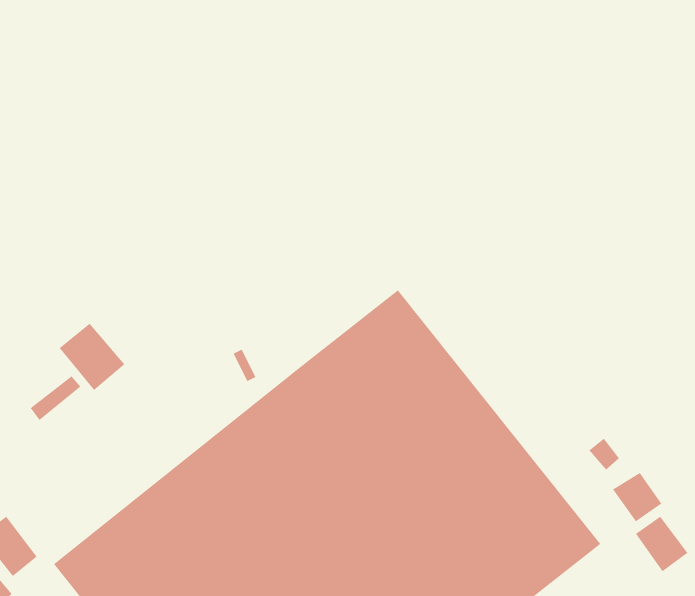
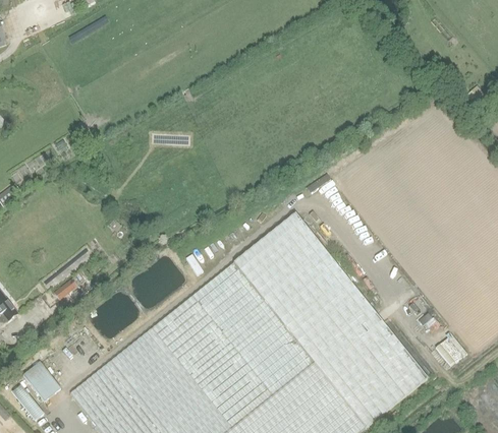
building: [59,323,125,391] -> none
building: [635,516,688,572] -> none

